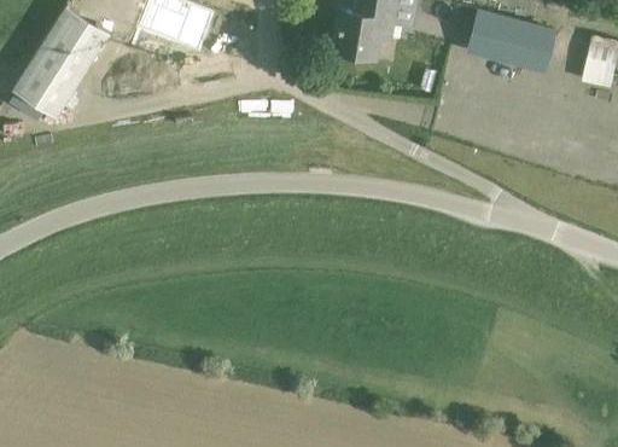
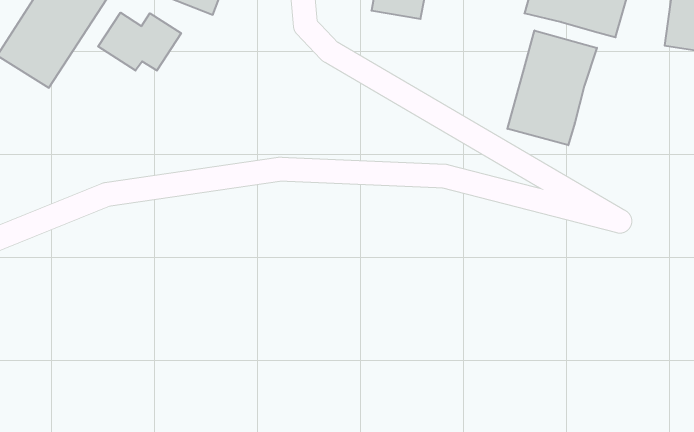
building: none -> [98,13,181,71]
building: none -> [507,30,597,145]

